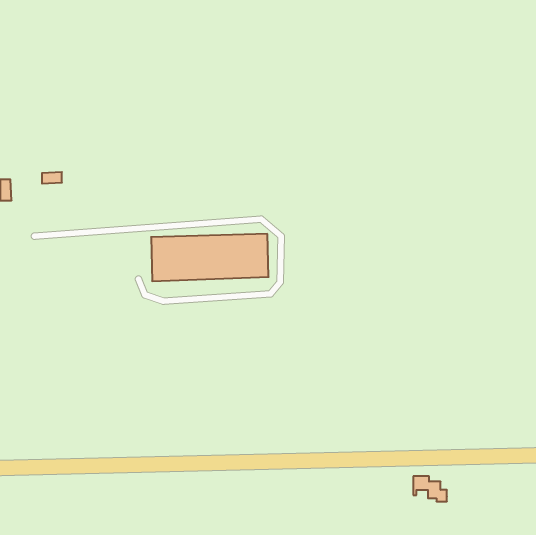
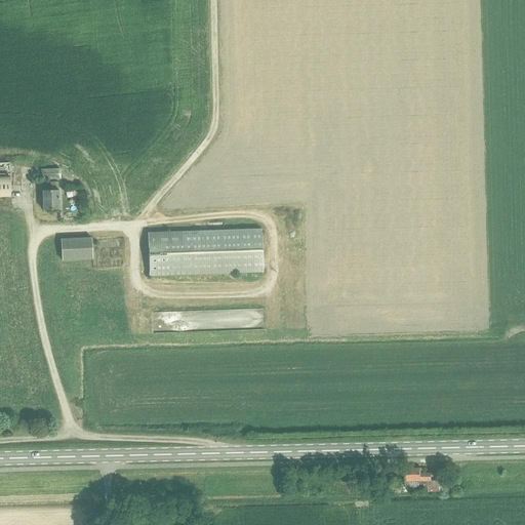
building: none -> [42,181,59,209]
building: none -> [60,237,92,259]

